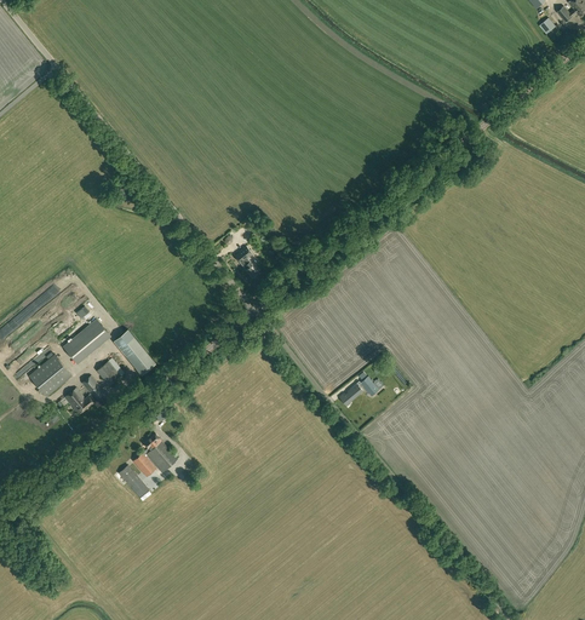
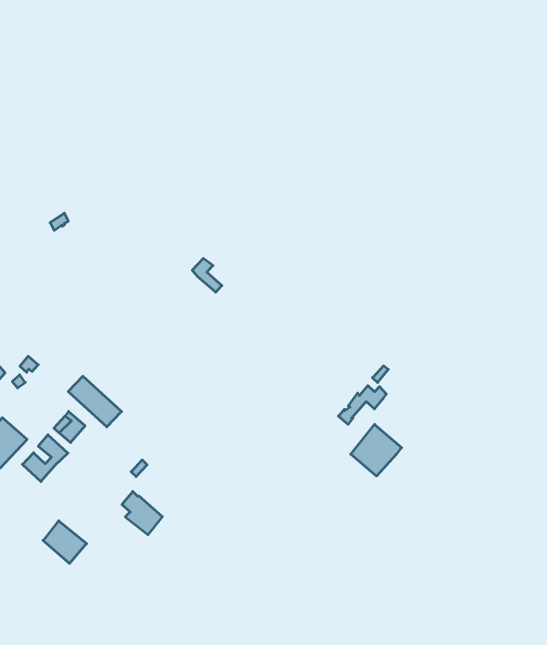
building: [64,321,109,363] -> none
building: none -> [351,424,402,476]
building: [117,458,154,495] -> [43,521,87,563]

